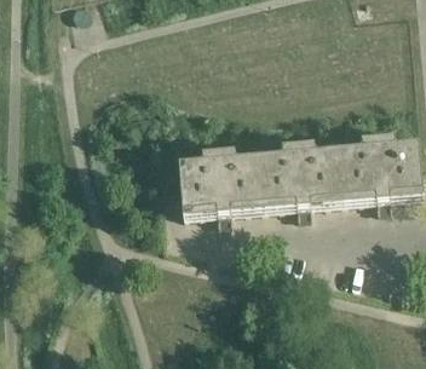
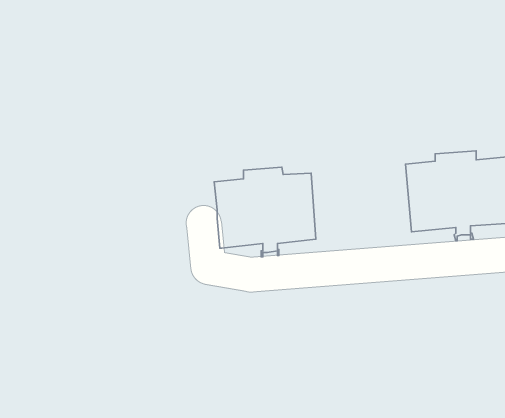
building: [259,145,341,219] -> none

